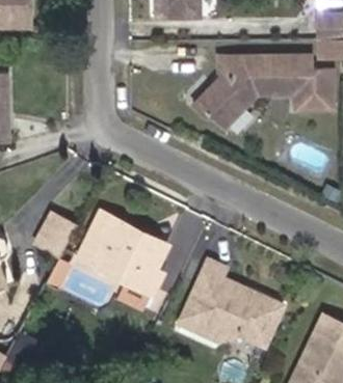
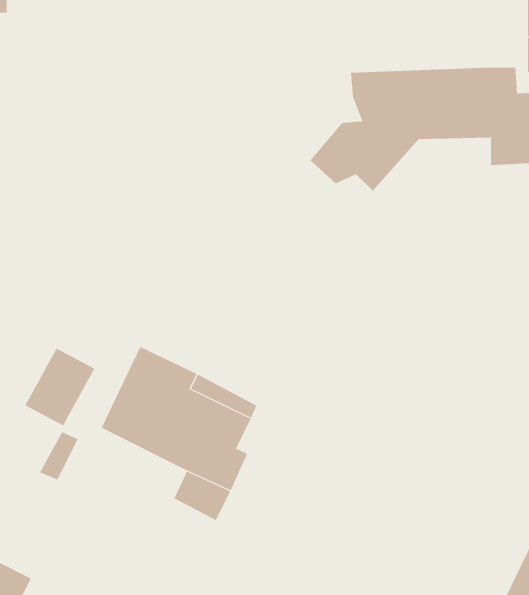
building: [177,257,282,344] -> none

